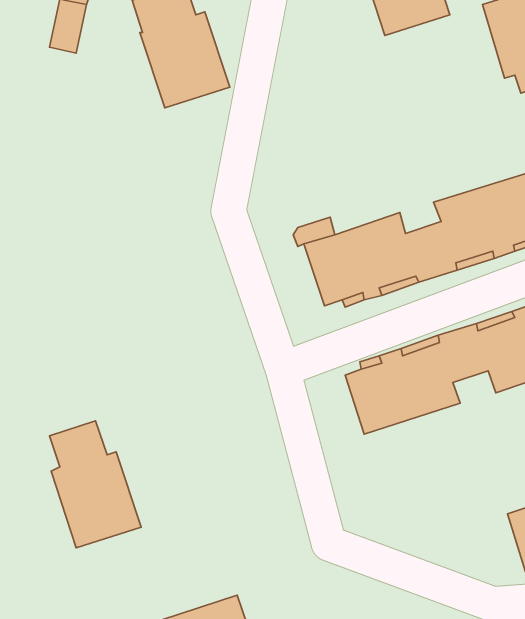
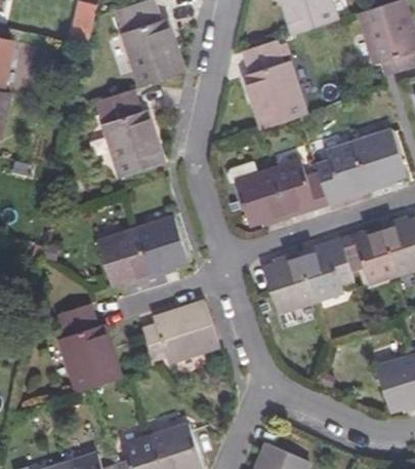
building: none -> [244,41,306,128]
building: none -> [102,89,165,177]
building: none -> [98,216,190,284]
building: none -> [143,301,220,362]

